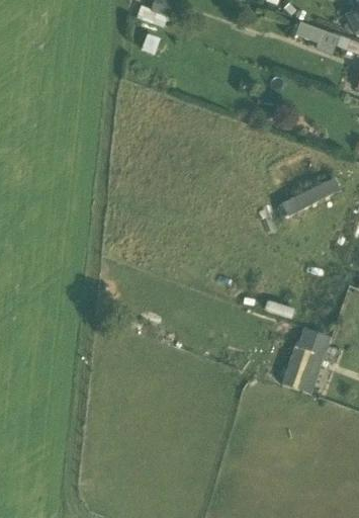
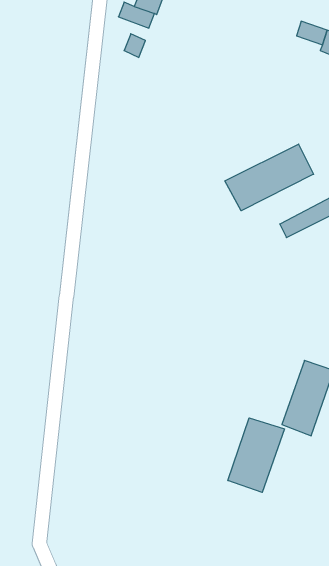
building: none -> [225,144,314,211]
building: none -> [228,418,284,492]

